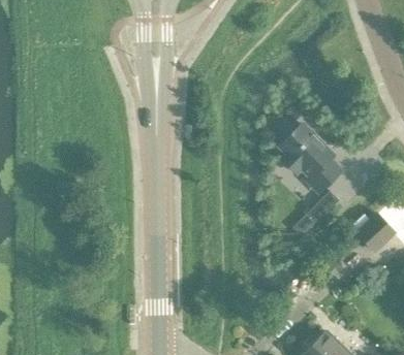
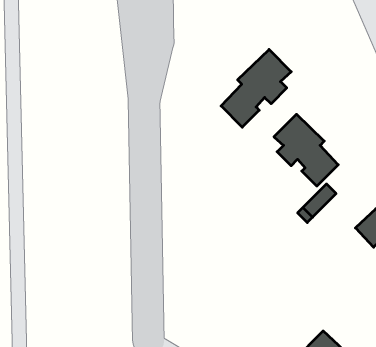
building: none -> [221,49,291,127]

